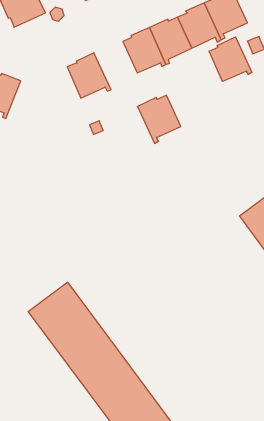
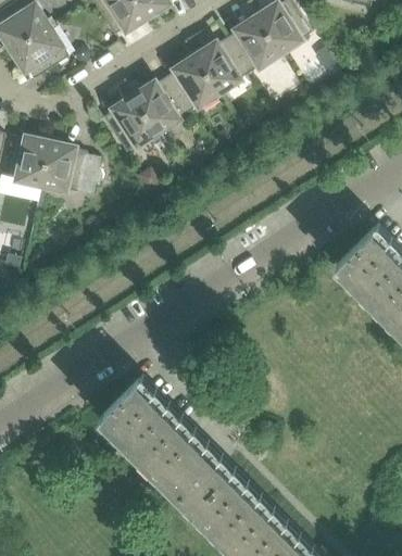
building: [209,37,252,81] -> none
building: none -> [35,144,98,199]
building: [137,95,181,143] -> [128,79,184,139]

